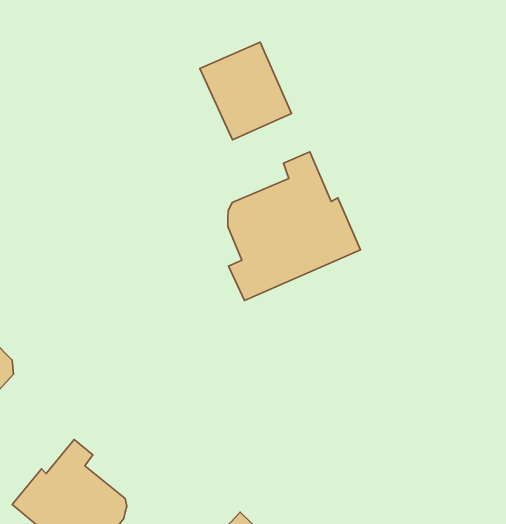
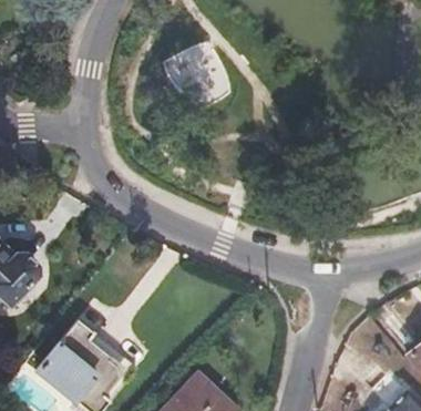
building: [228,152,360,300] -> none

